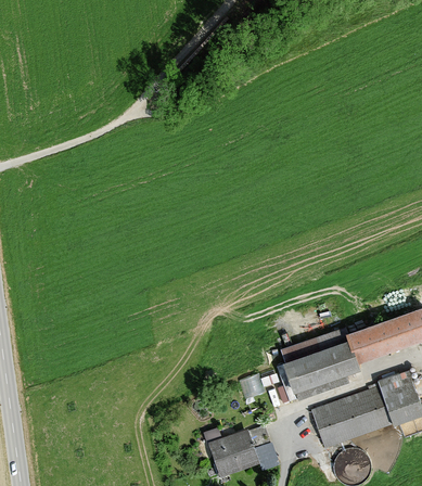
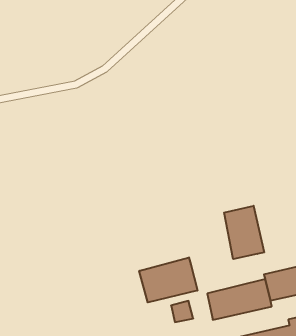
building: none -> [224,206,264,259]
building: none -> [139,257,197,302]

